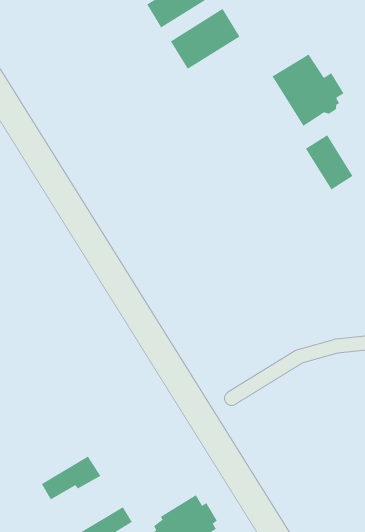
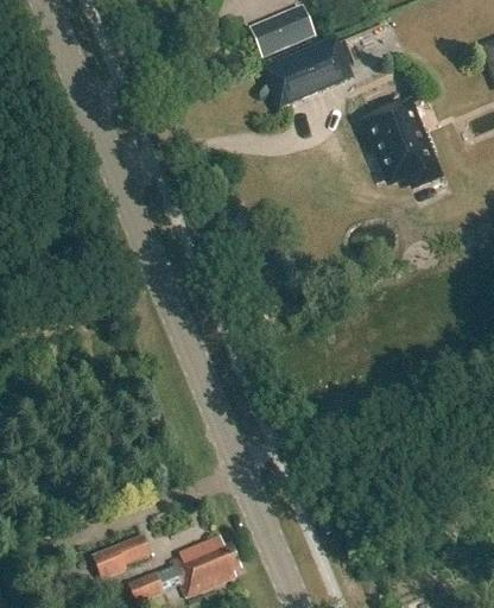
building: [305,134,353,190] -> none
building: [41,455,101,501] -> none

